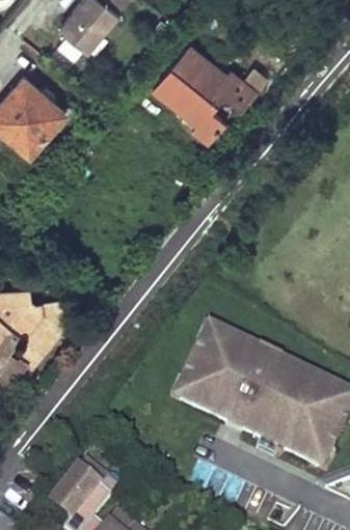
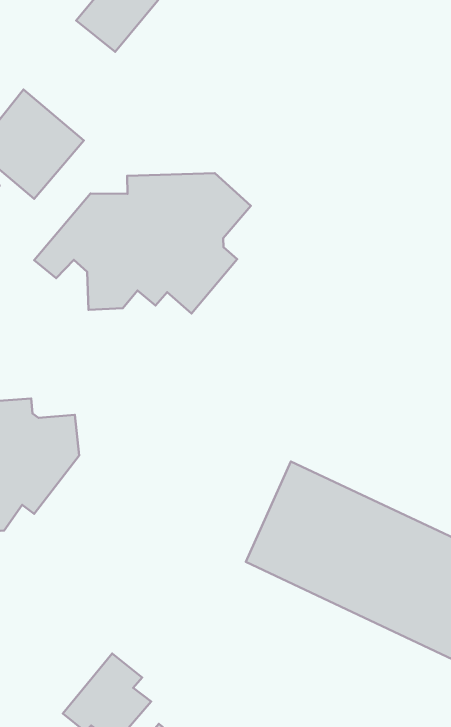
building: [154,43,266,141] -> none
building: none -> [34,173,251,314]

